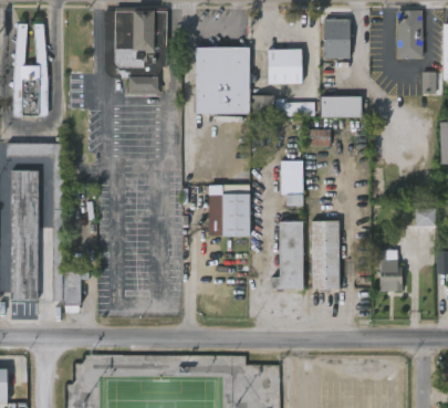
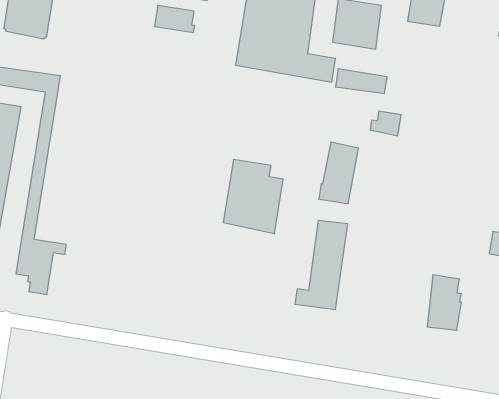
building: [319,96,358,116] -> none
building: [312,220,340,289] -> none

